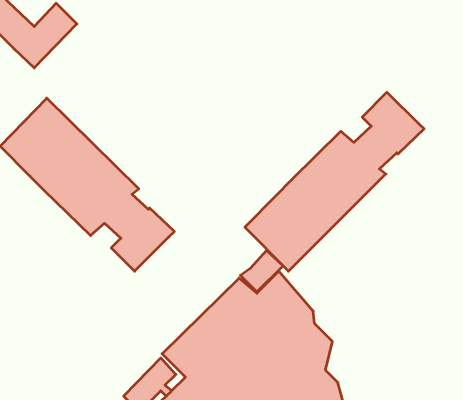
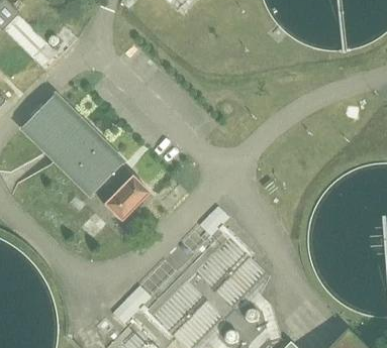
building: [245,92,424,271] -> none

